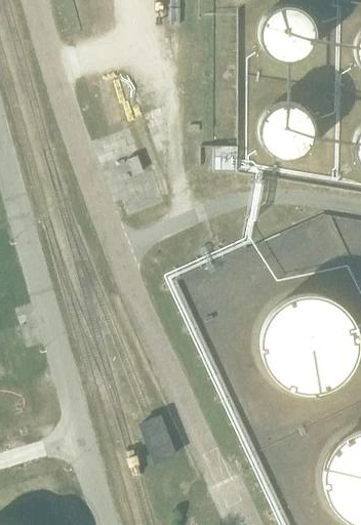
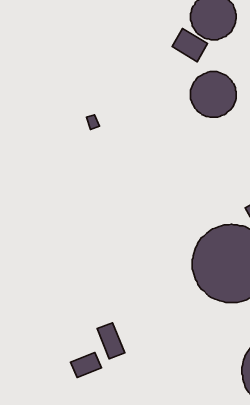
building: none -> [172,28,208,62]
building: none -> [71,352,101,378]

